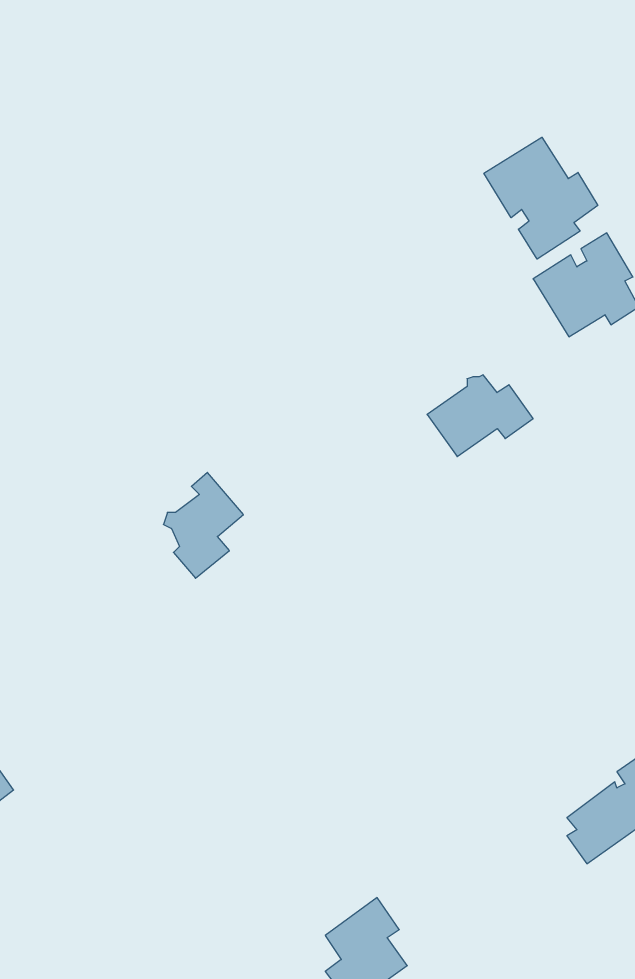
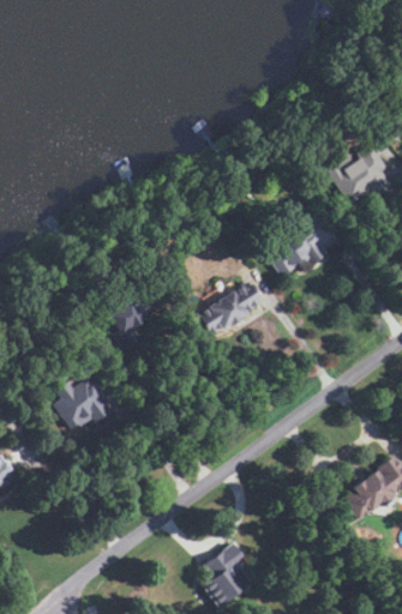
building: [484,137,598,259] -> none
building: none -> [198,281,263,336]
building: none -> [54,378,113,429]

